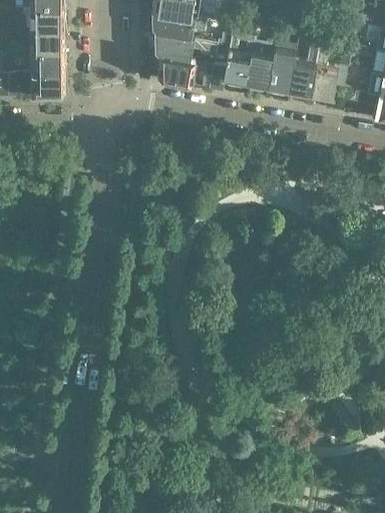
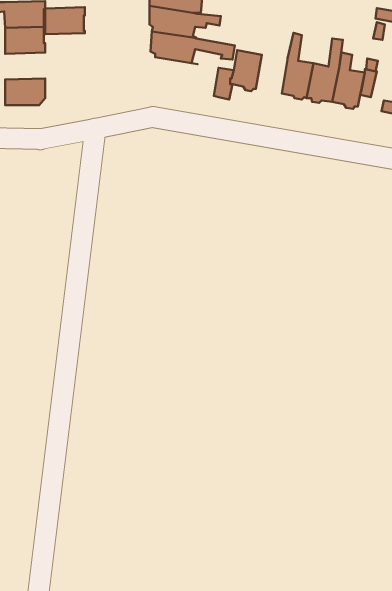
building: [246,38,276,86] -> none
building: [31,51,65,74] -> [45,7,85,34]
building: [158,55,196,84] -> none

